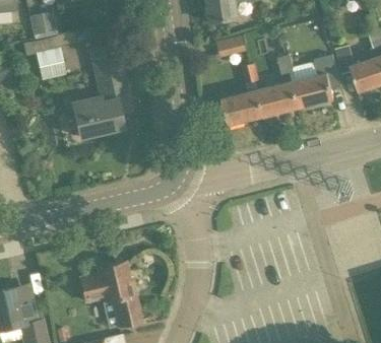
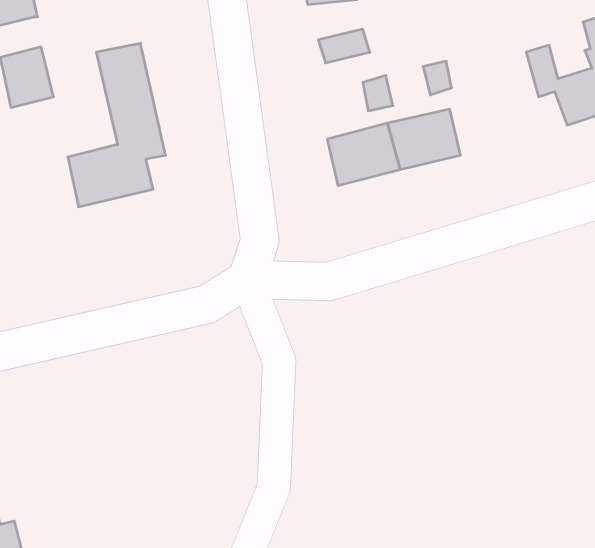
building: [292,55,338,109] -> none
building: [78,263,141,329] -> none

